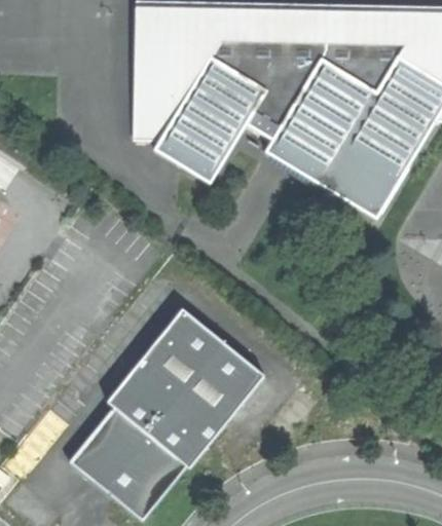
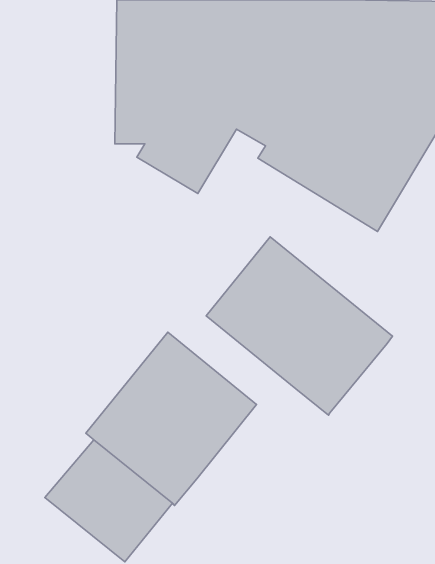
building: none -> [206,237,393,415]

